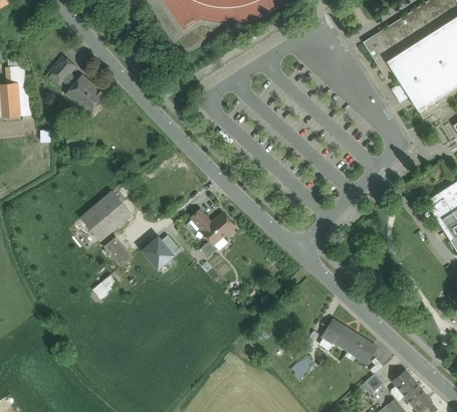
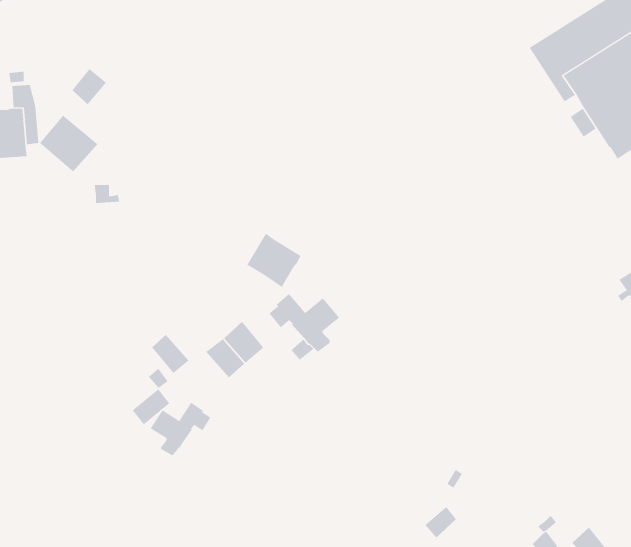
building: [66,74,106,114] -> [39,115,98,172]
building: none -> [246,233,301,288]
building: [81,191,132,240] -> none
building: none -> [149,402,211,456]
building: [319,319,377,362] -> none

